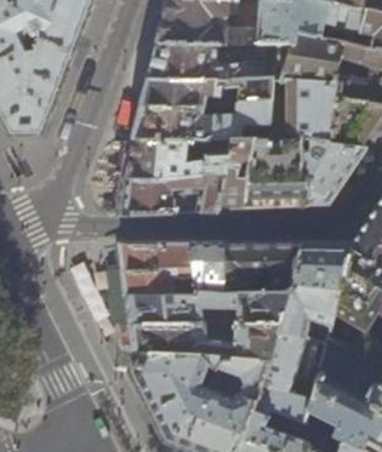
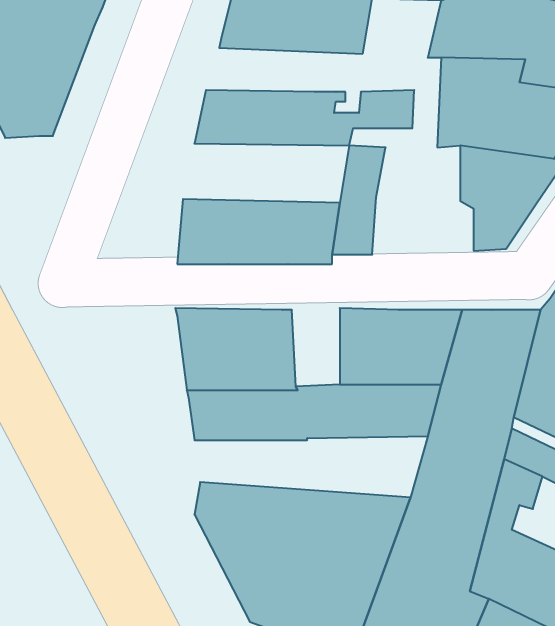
building: [138,78,270,105] -> none
building: [124,138,229,176] -> none
building: [244,139,308,208] -> none
building: [193,242,223,292] -> none
building: [131,324,279,362] -> none

